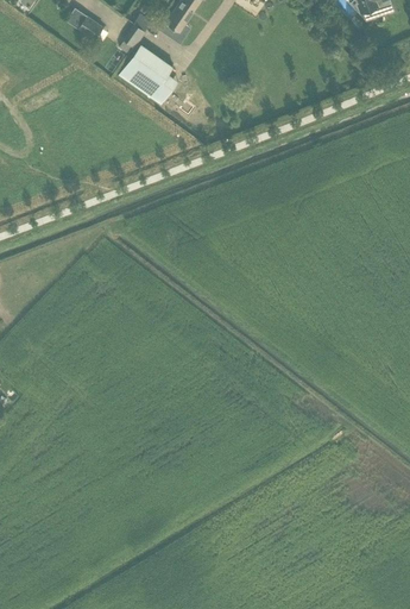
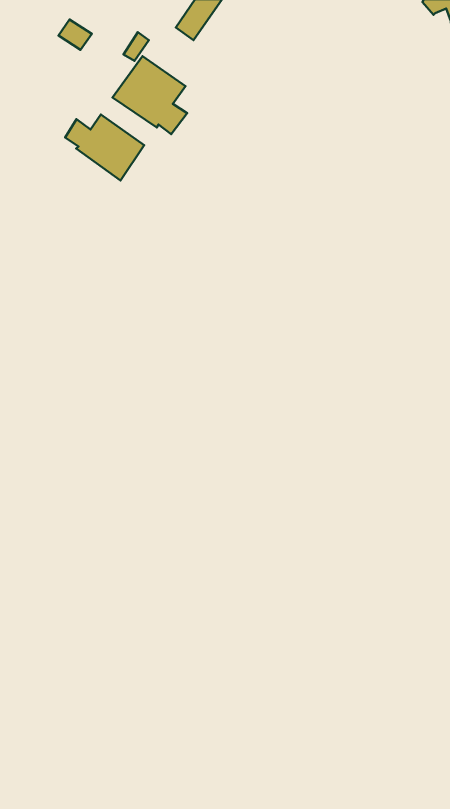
building: none -> [65,115,144,181]

